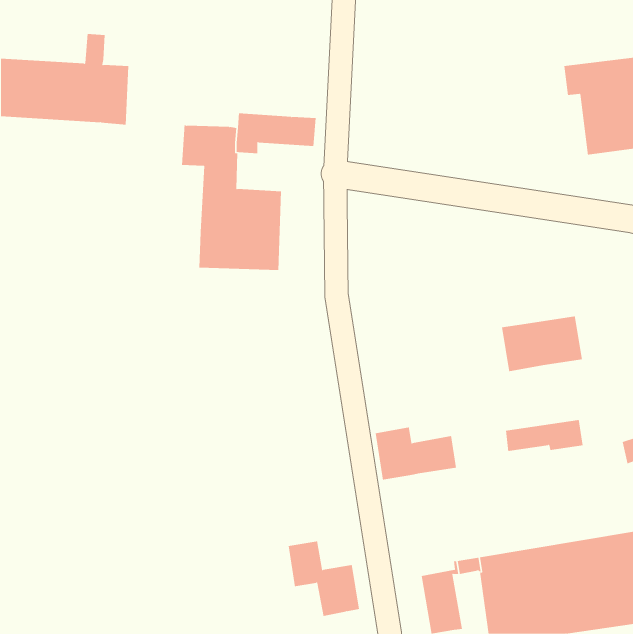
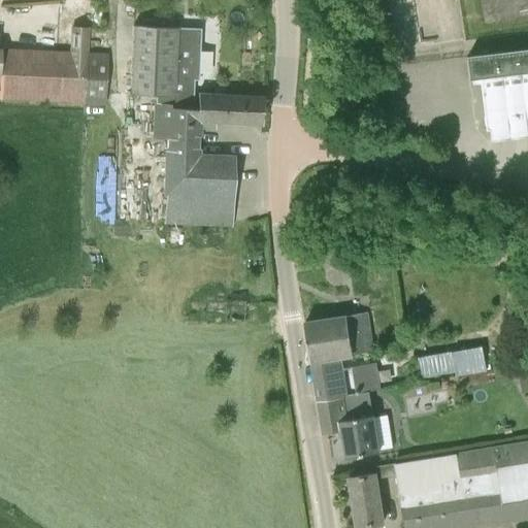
building: none -> [131,26,201,105]
building: [501,316,583,372] -> [306,314,374,360]
building: [288,541,360,617] -> [319,395,378,458]

